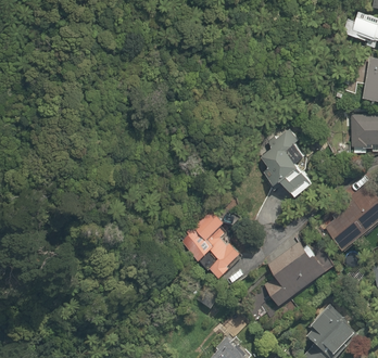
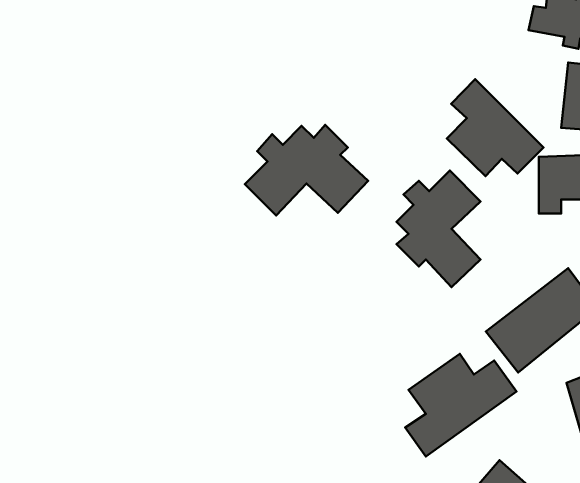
building: none -> [447,79,544,176]
building: none -> [245,125,368,216]
building: [181,203,245,277] -> none

